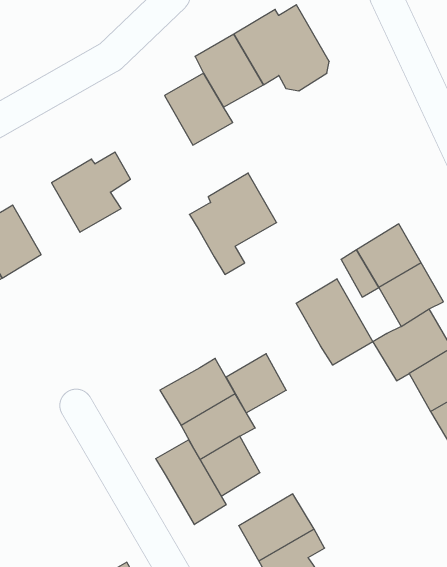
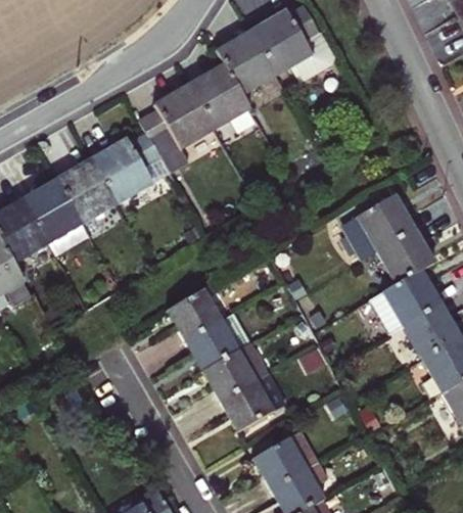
building: [189,173,277,274] -> [138,84,214,172]
building: none -> [57,159,115,222]
building: [296,279,373,365] -> none
building: [226,354,286,413] -> [168,288,220,339]
building: [156,440,226,525] -> none

